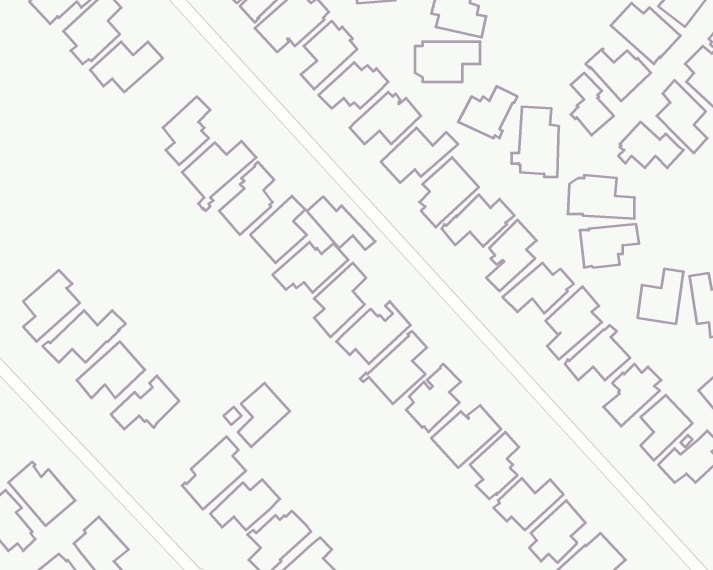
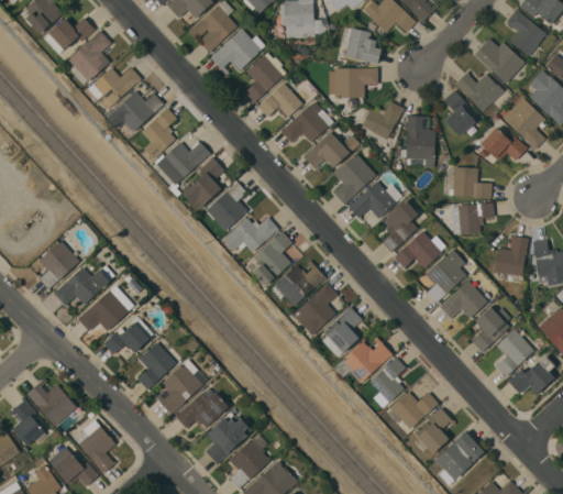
building: none -> [107,88,164,131]
building: [307,197,375,250] -> none
building: [238,383,290,447] -> [137,342,176,389]

